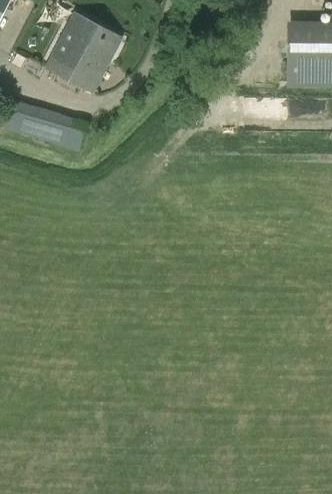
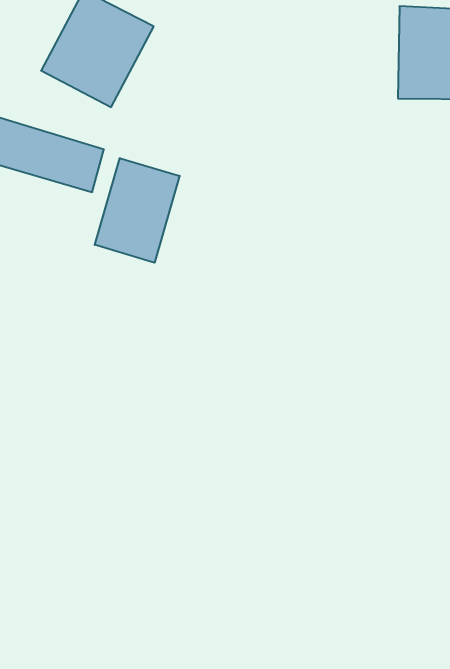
building: none -> [95,158,180,263]

